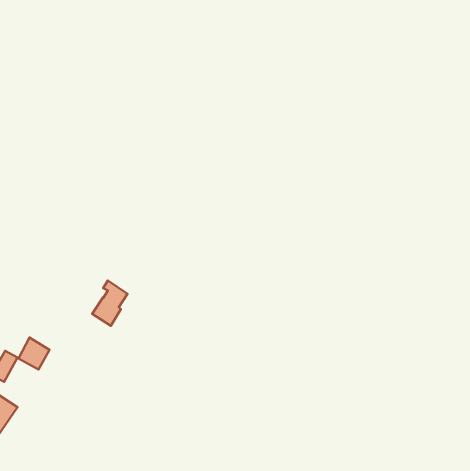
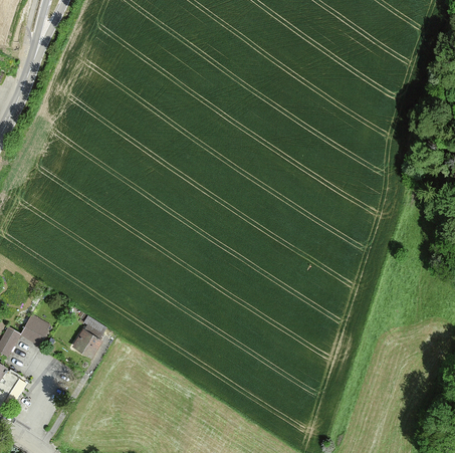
building: [92,281,128,326] -> [74,315,106,357]

